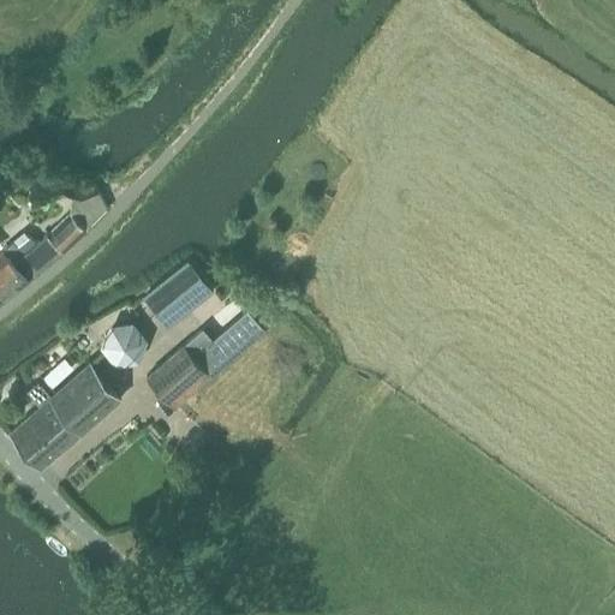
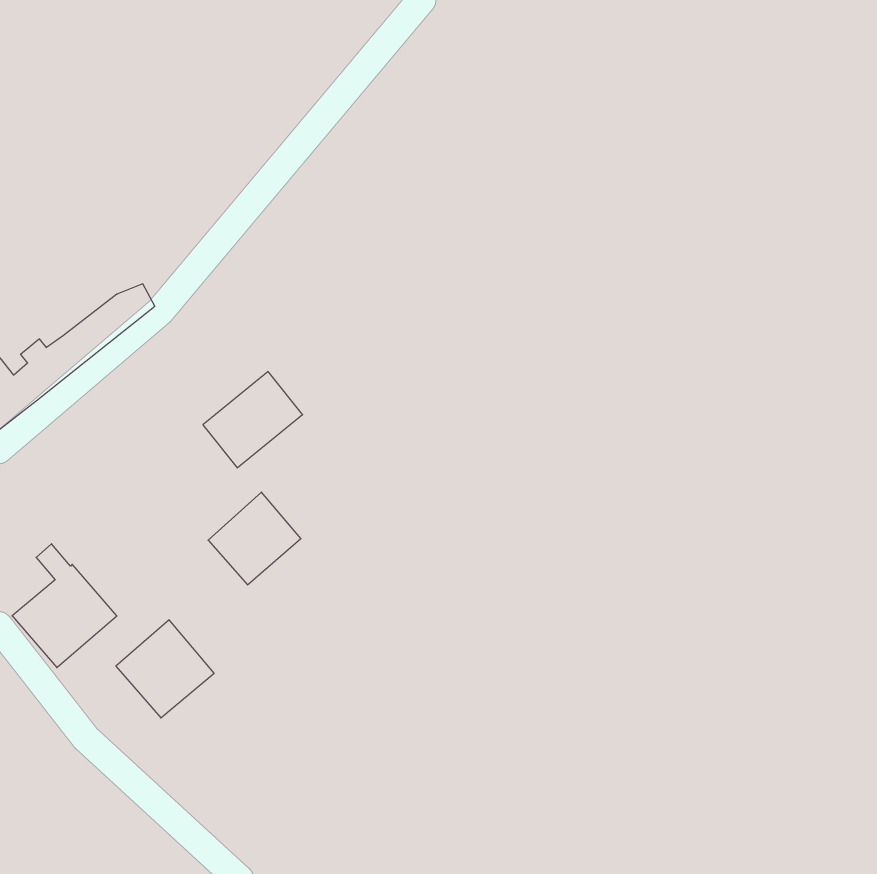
building: [183,301,262,380] -> none
building: [98,324,148,370] -> none
building: [50,365,119,434] -> [116,620,214,718]

